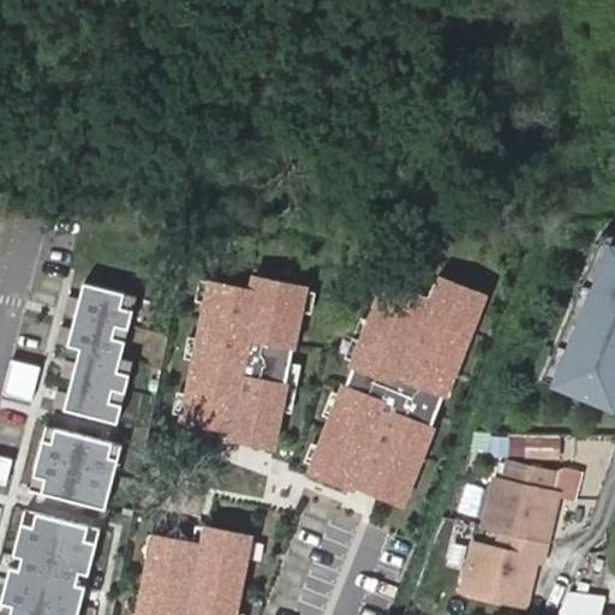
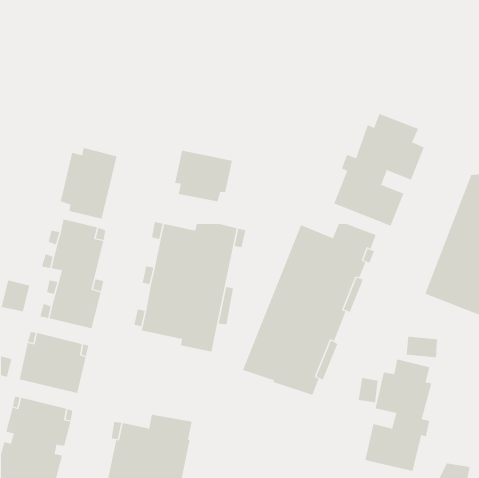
building: none -> [334,113,425,227]
building: none -> [60,147,117,220]
building: none -> [175,150,233,202]

